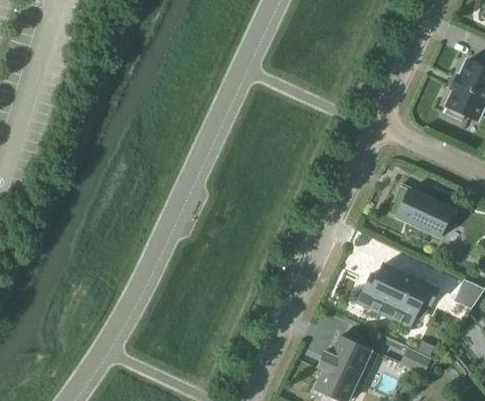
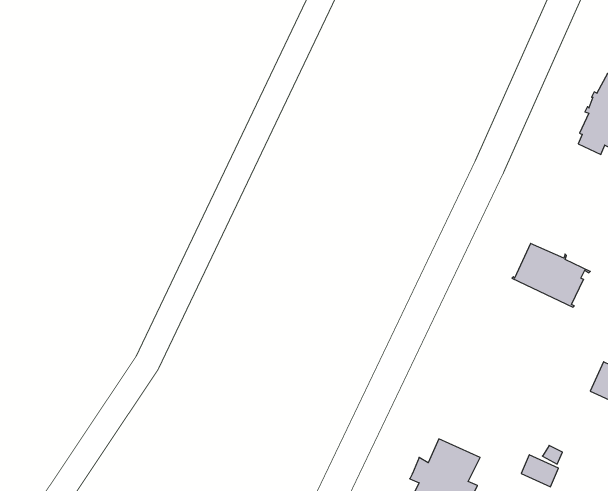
building: [363,263,438,326] -> none

